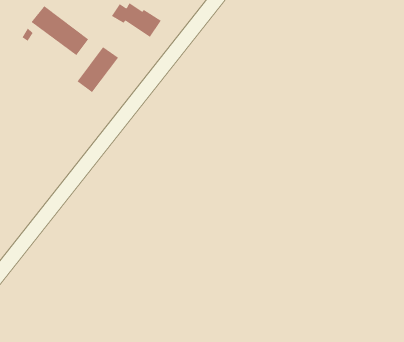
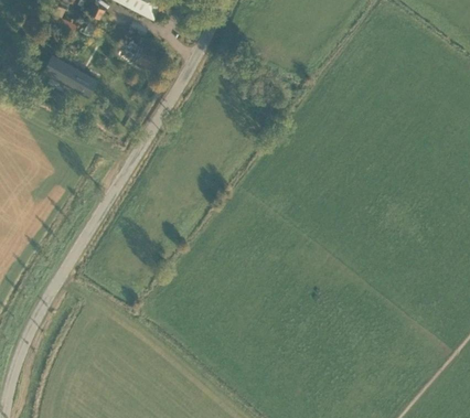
building: [77,46,119,93] -> none

